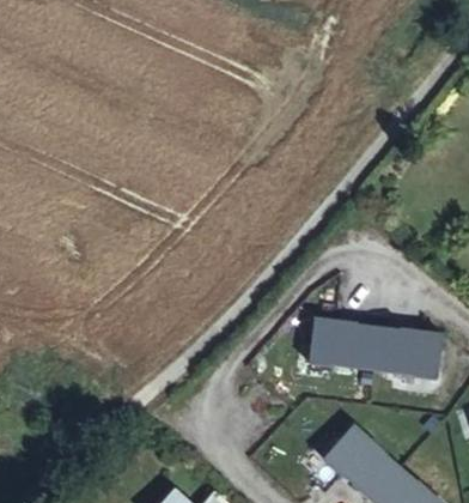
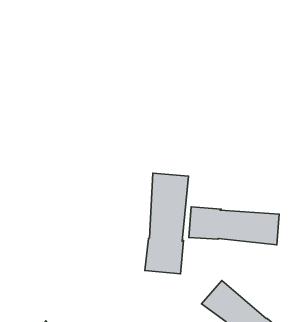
building: none -> [145,173,189,274]

